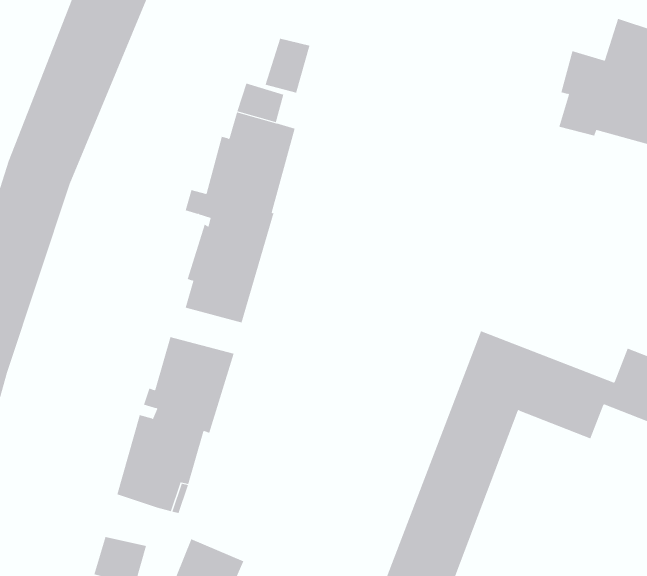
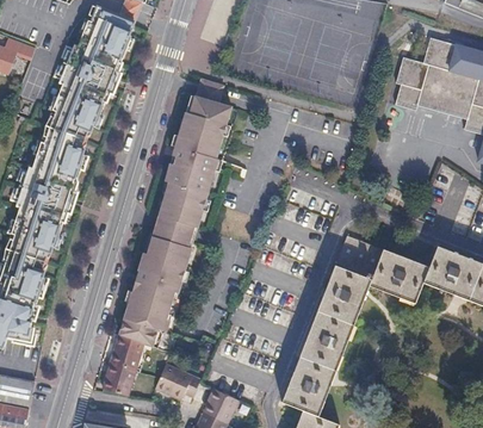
building: [265,38,310,94] -> none
building: none -> [150,218,196,248]
building: none -> [110,336,142,368]

